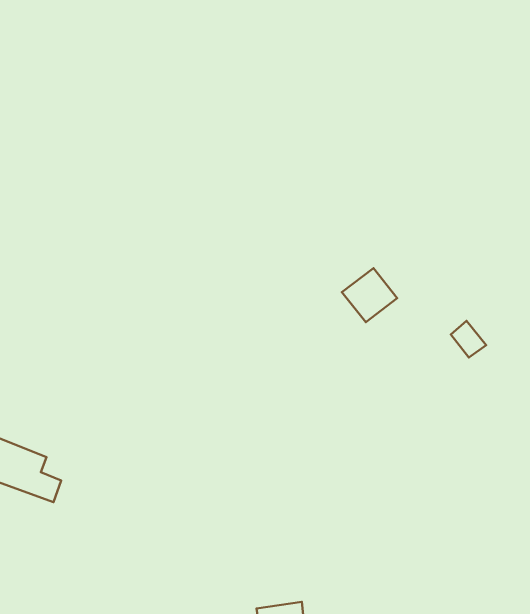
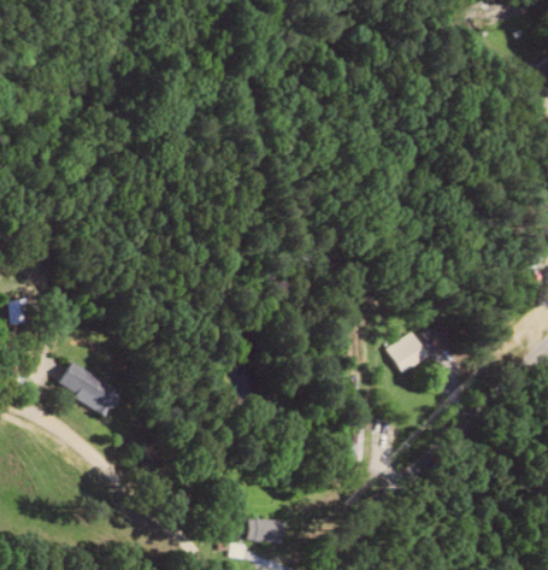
building: [342,268,397,322] -> [387,333,428,372]

